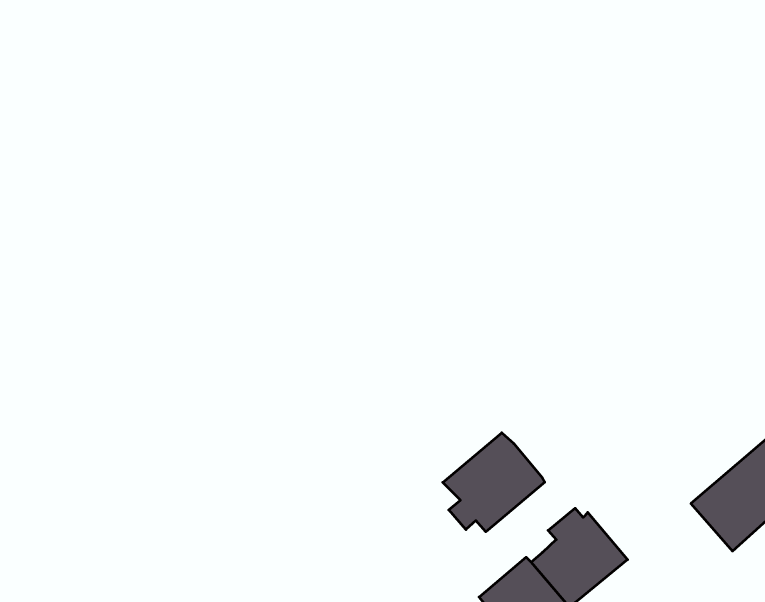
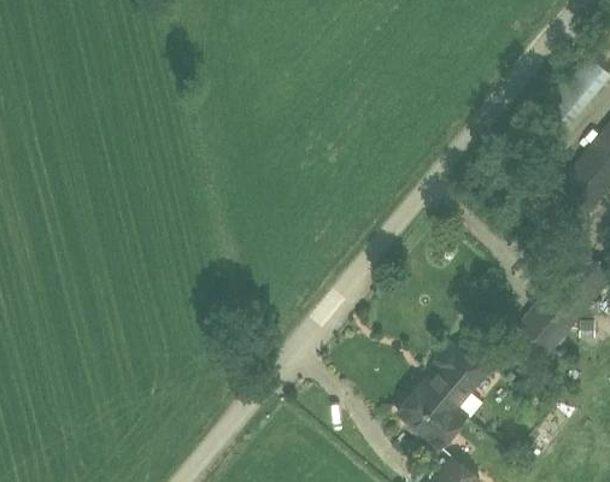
building: [443,433,545,532] -> none

